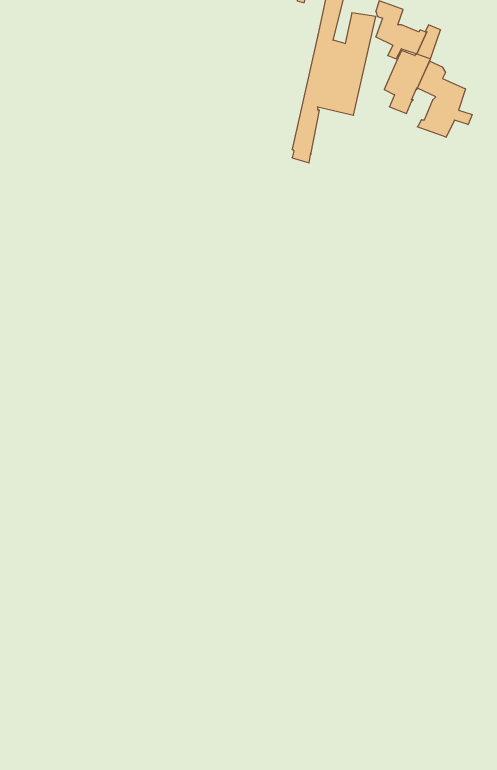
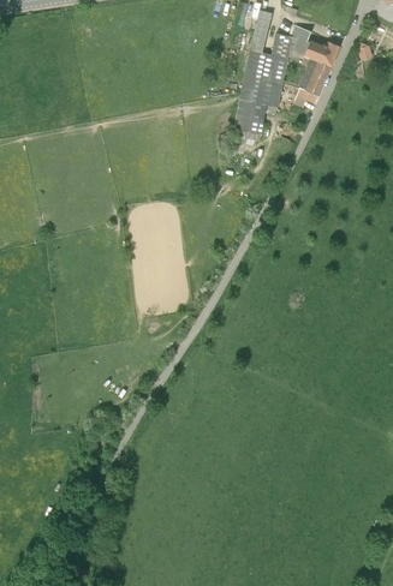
building: [417,61,472,137] -> none

